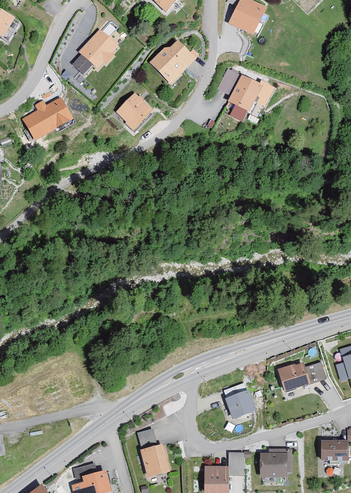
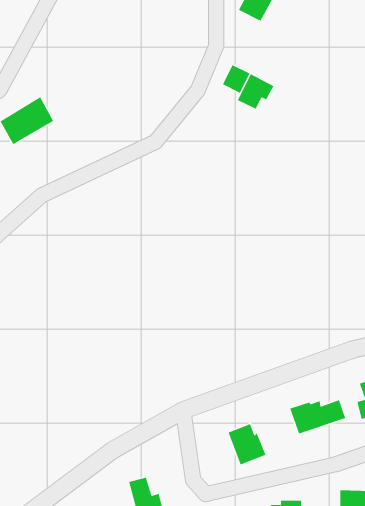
building: [72,32,115,73] -> none
building: [153,45,192,80] -> none
building: [118,95,151,129] -> none

